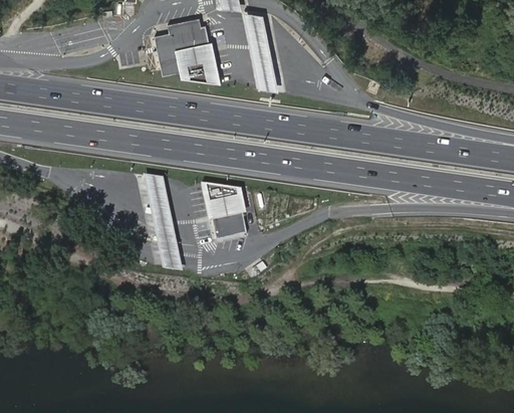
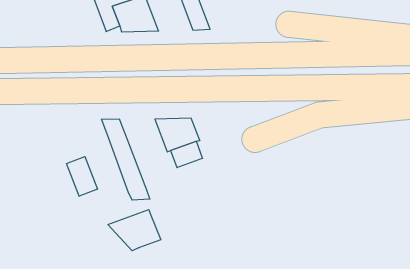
building: none -> [67,157,97,196]
building: none -> [108,210,161,251]

